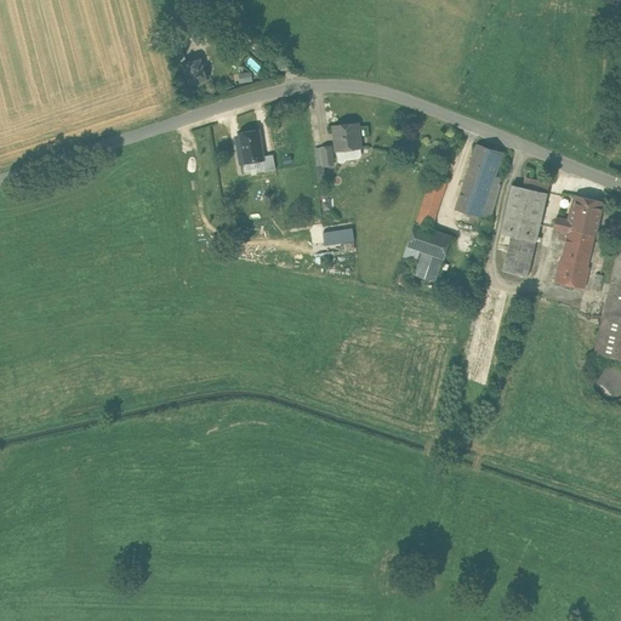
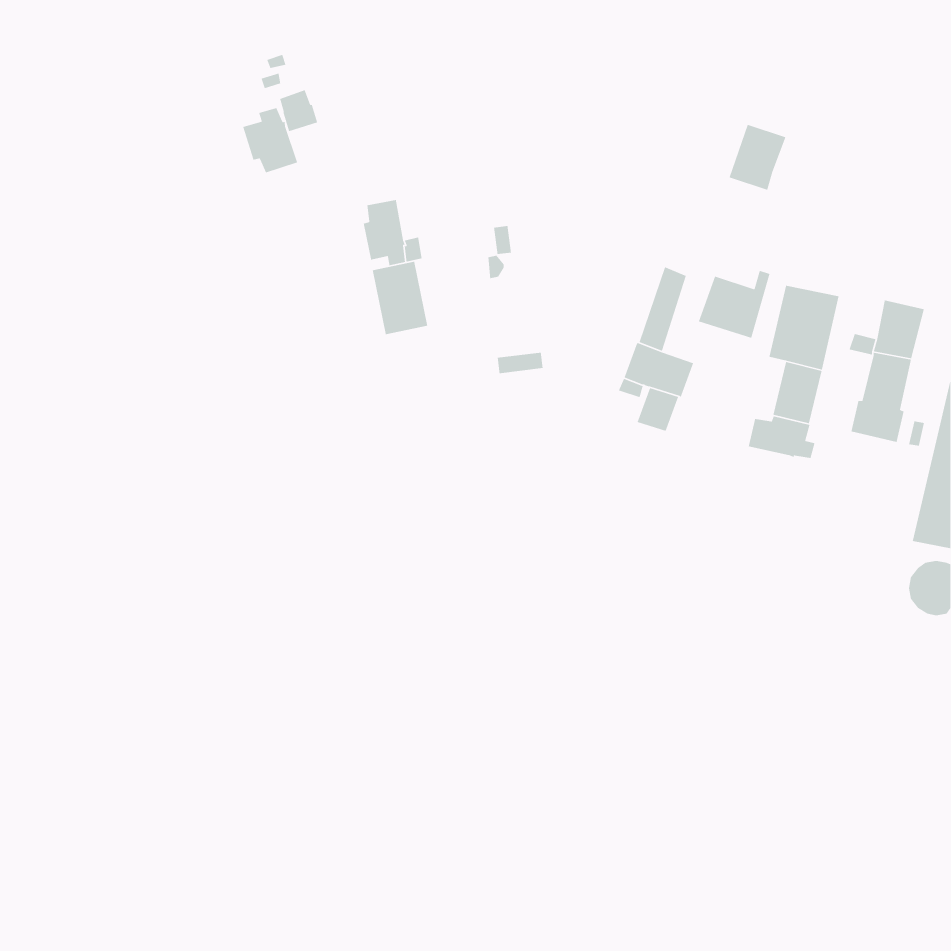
building: none -> [242,107,298,174]
building: [334,124,361,163] -> none
building: [466,144,503,188] -> [729,124,786,191]
building: none -> [372,261,428,335]
building: none -> [748,416,815,459]

